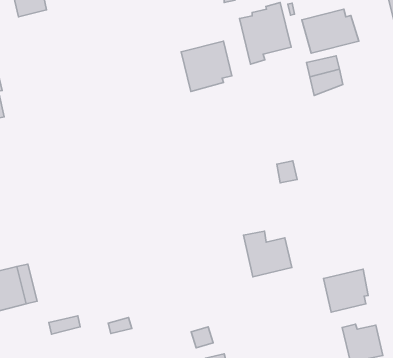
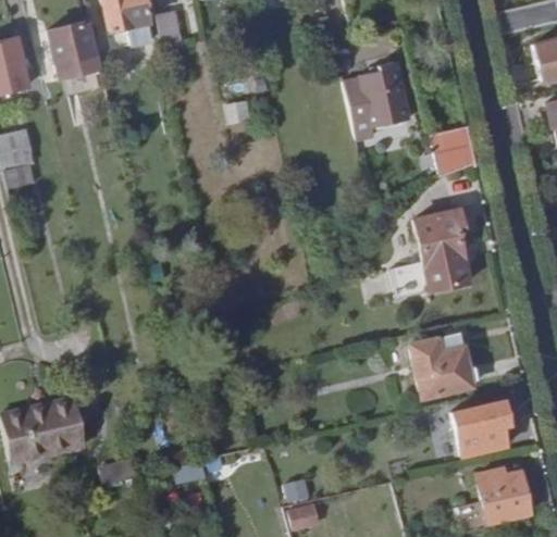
building: [302,9,359,53] -> none
building: [181,41,232,91] -> none
building: none -> [416,209,469,291]
building: [243,231,292,277] -> [410,339,472,398]

